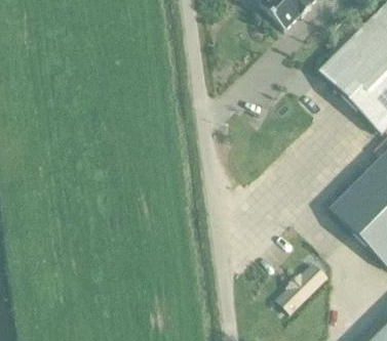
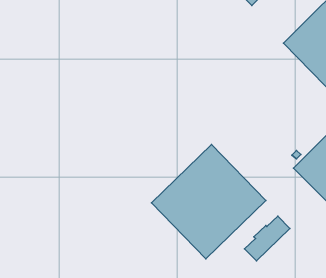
building: none -> [152,144,266,259]

